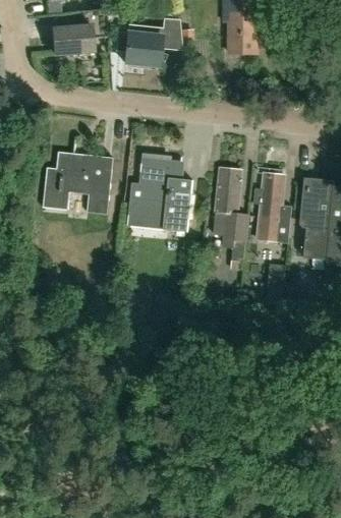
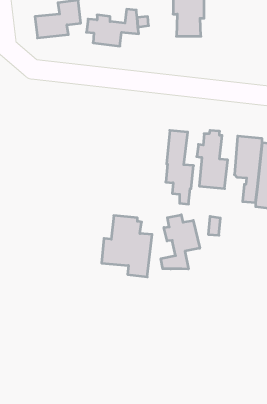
building: [41,152,112,214] -> none
building: [129,156,192,232] -> [102,216,152,277]
building: none -> [161,215,200,269]

